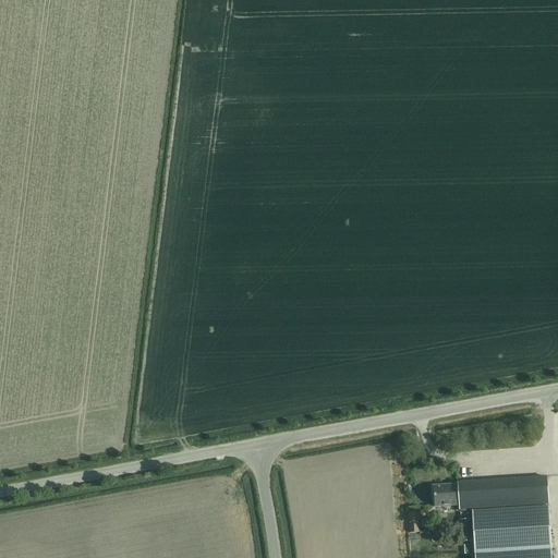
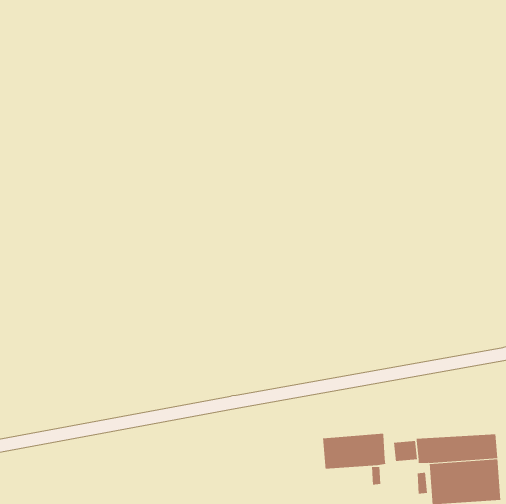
building: none -> [323,433,386,470]

